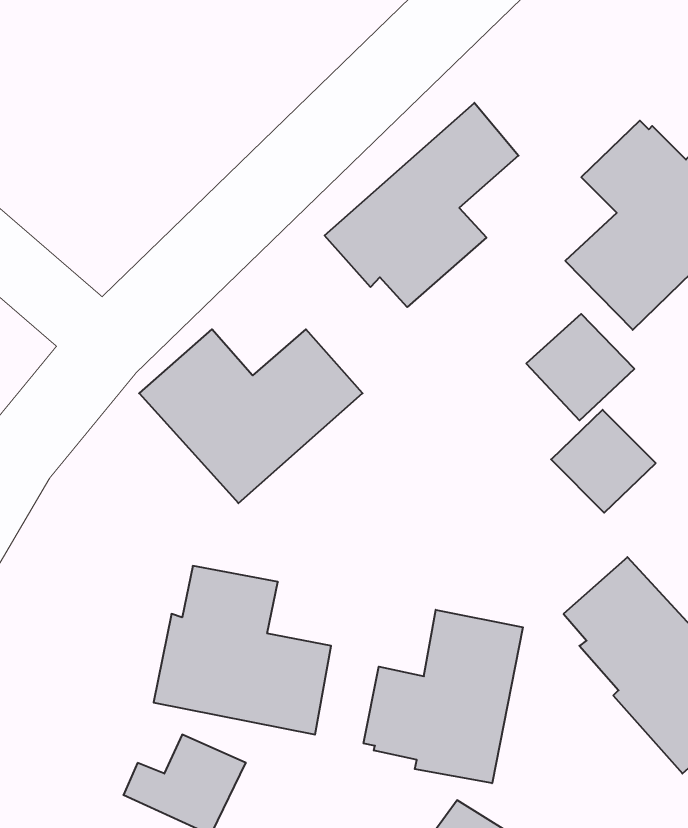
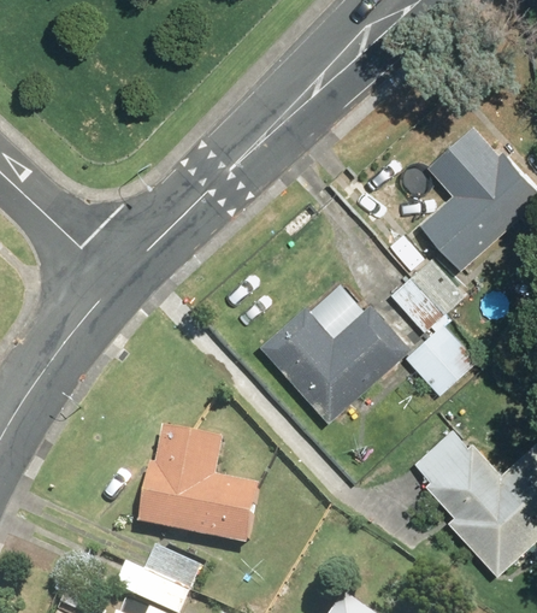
building: [325,103,519,307] -> none
building: [139,329,363,503] -> [256,303,408,422]
building: [364,610,523,783] -> none

